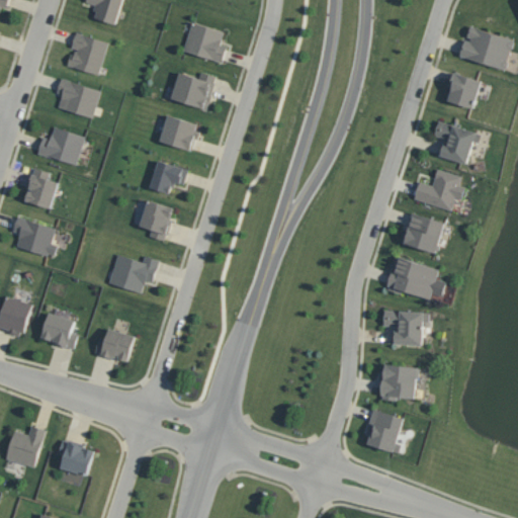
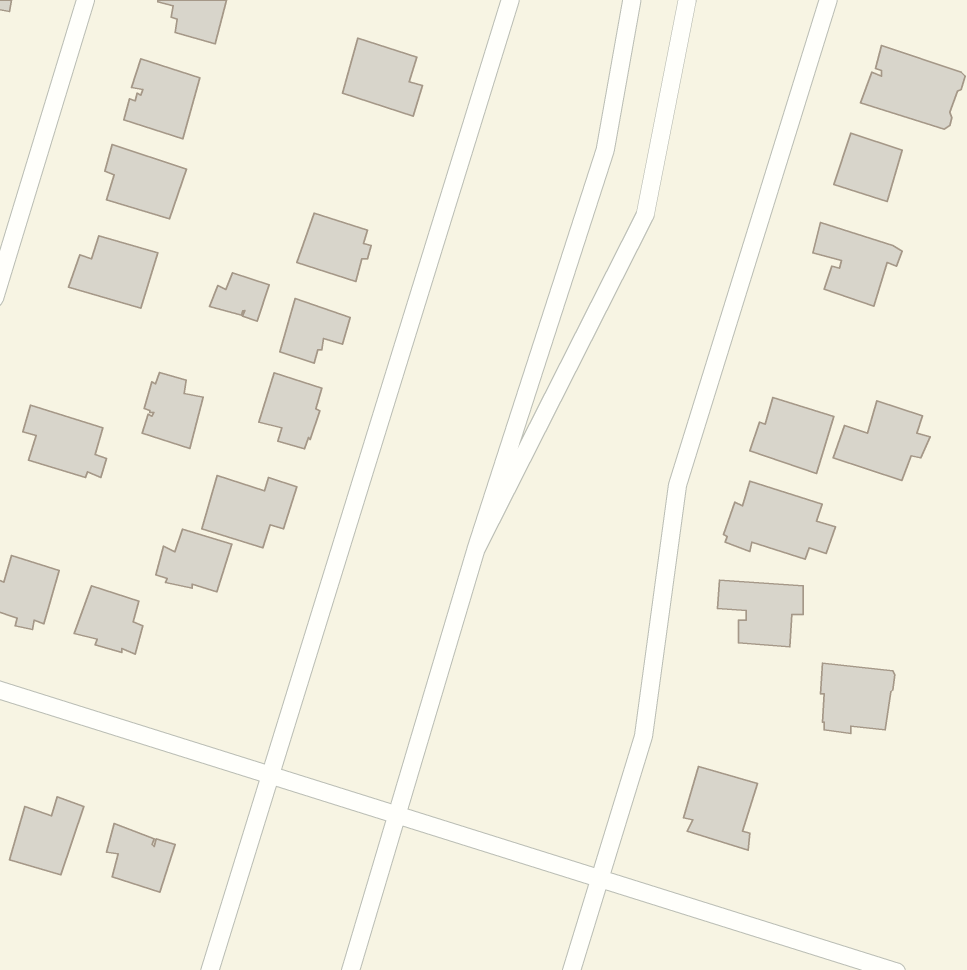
building: [169,72,213,109] -> none
building: none -> [210,273,269,321]
building: [24,168,57,208] -> [142,372,203,449]
building: [412,168,463,210] -> [833,401,930,481]
building: [94,328,135,361] -> [156,529,232,592]
building: [378,363,418,401] -> [821,663,895,734]

